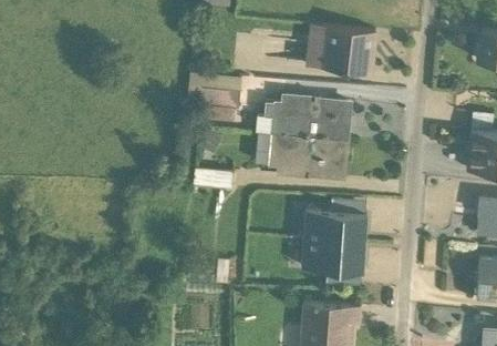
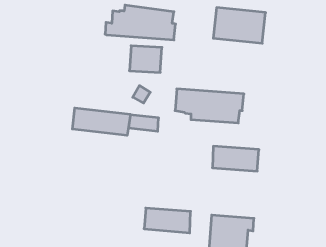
building: [256,93,350,140] -> [105,5,176,40]
building: none -> [72,108,130,135]
building: [303,238,365,272] -> [144,208,191,233]

